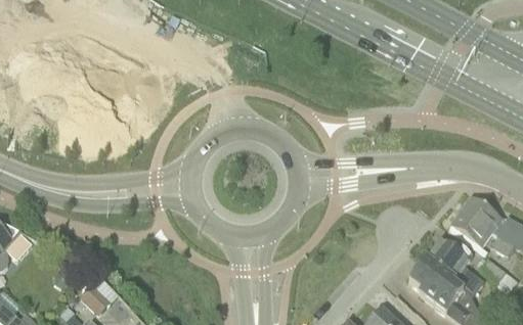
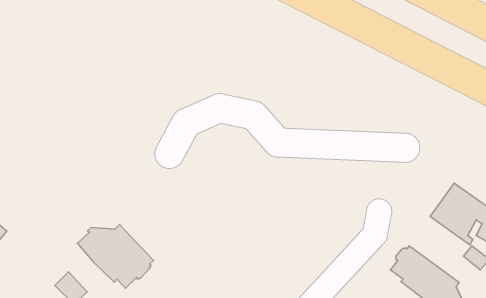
building: none -> [77,225,154,288]
building: [426,237,484,292] -> none

